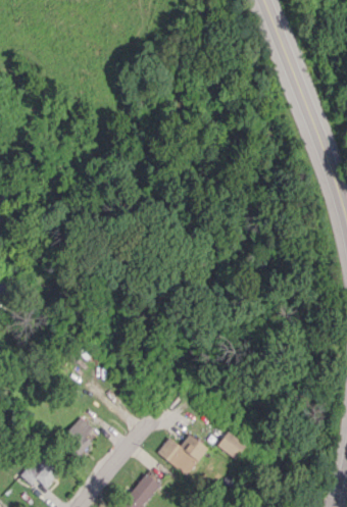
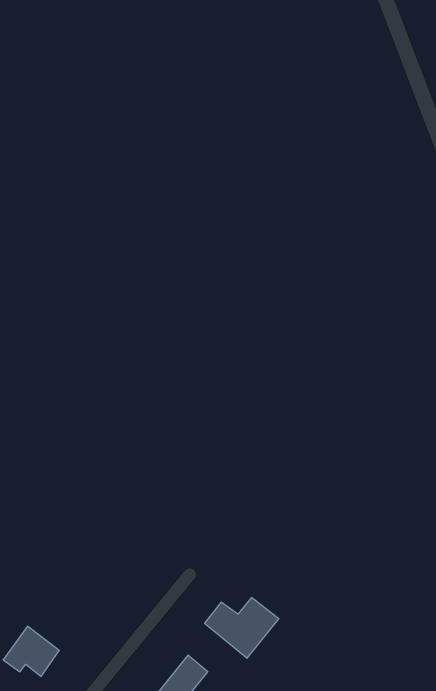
building: [63,417,94,454] -> none
building: [218,432,247,459] -> none

